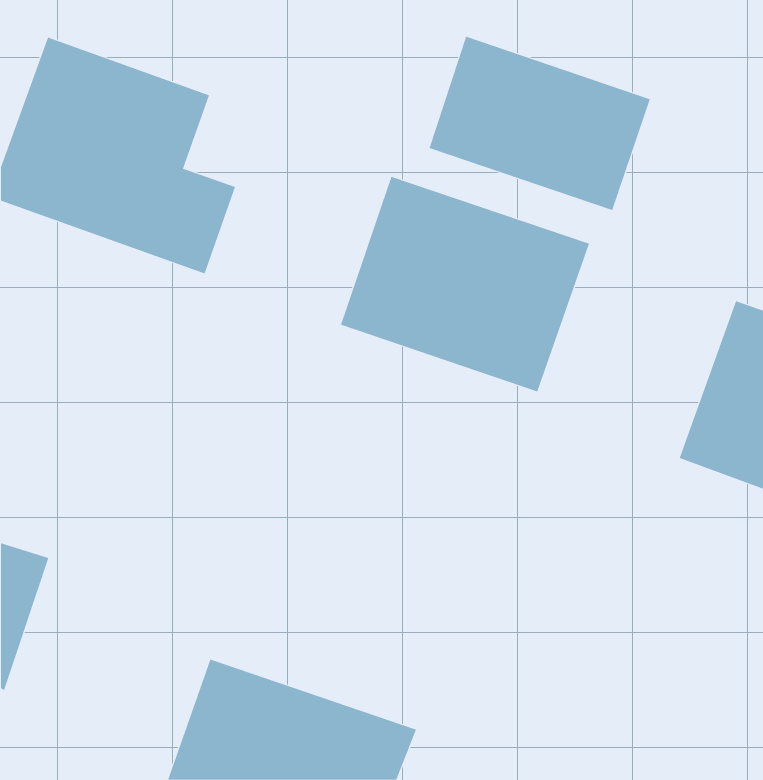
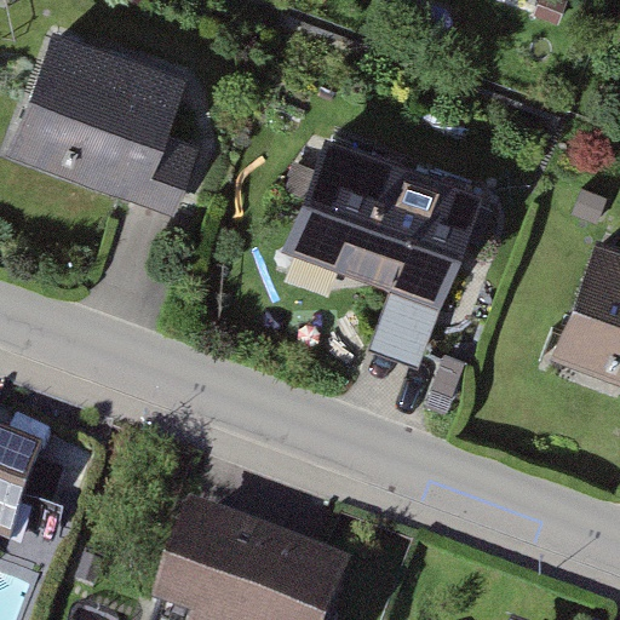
building: [429,36,650,211] -> none

